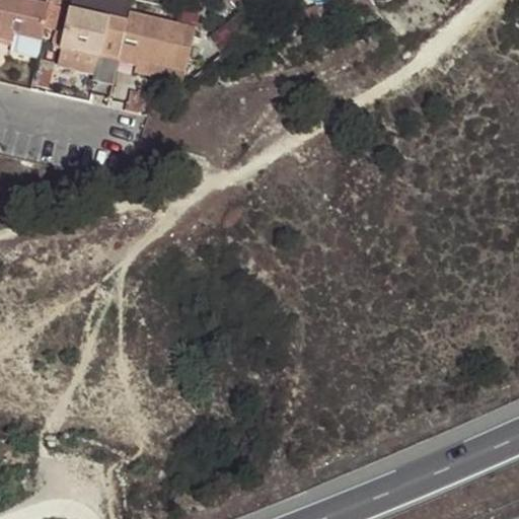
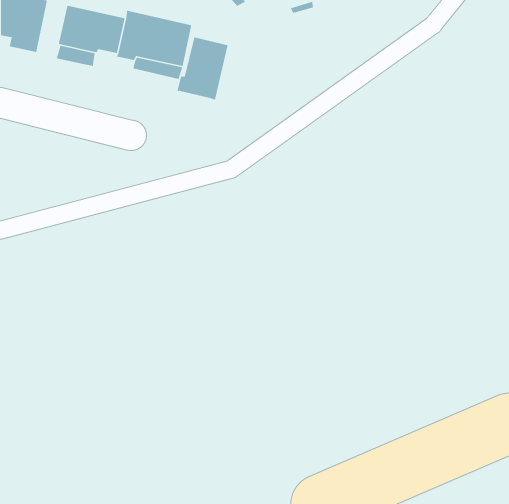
building: none -> [176,36,229,101]

